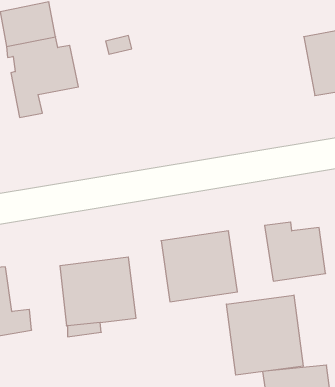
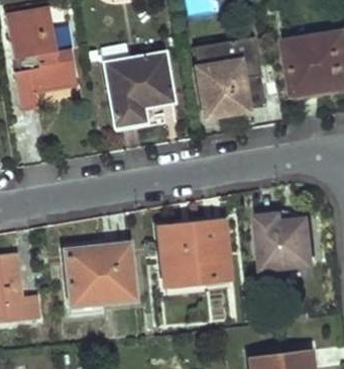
building: none -> [193,37,268,118]
building: none -> [102,55,175,130]
building: [226,295,303,375] -> none

